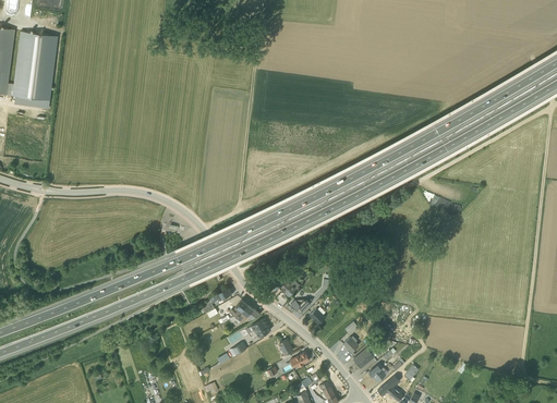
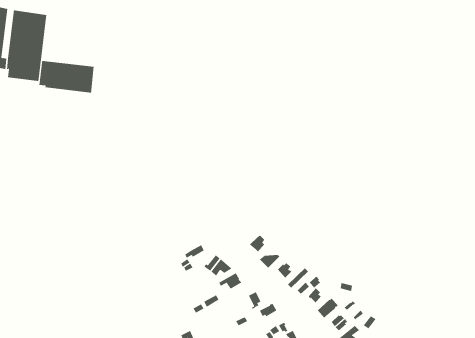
building: none -> [39,60,94,93]

